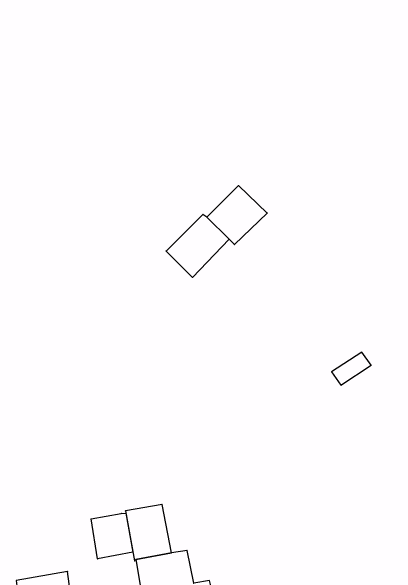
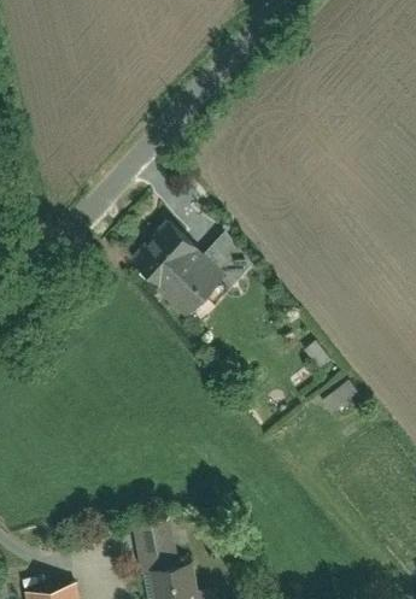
building: none -> [139,227,201,290]
building: [91,513,133,559] -> none

